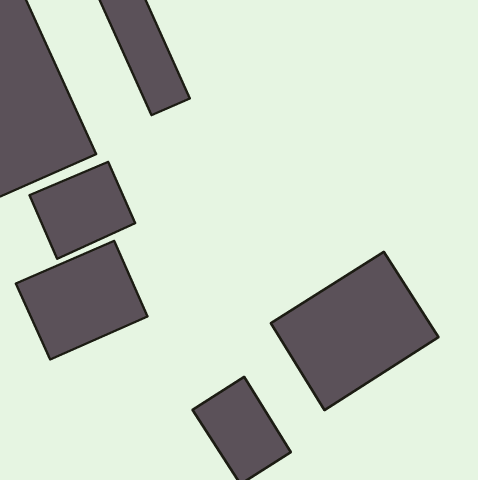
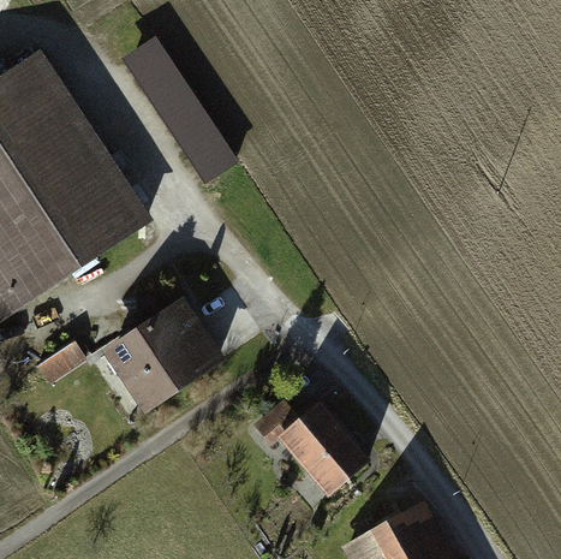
building: [29,162,135,259] -> none
building: [271,252,438,410] -> none

